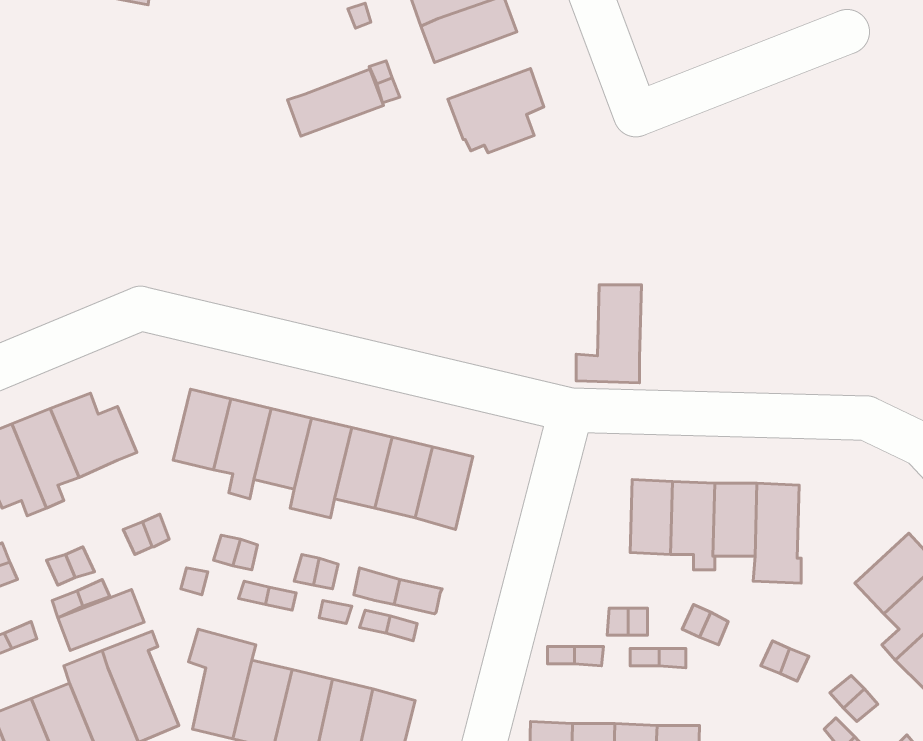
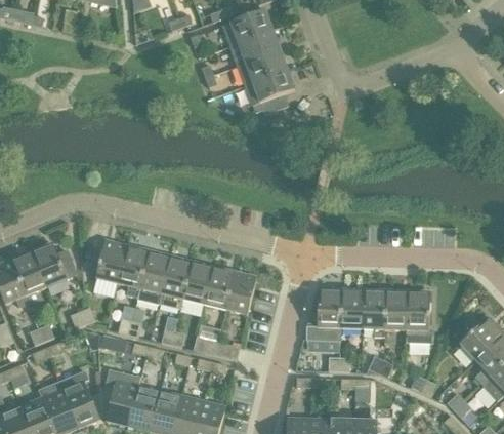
building: [287,69,383,136] -> [236,49,287,85]
building: [576,285,642,383] -> [306,288,341,341]
building: [58,589,144,651] -> none

